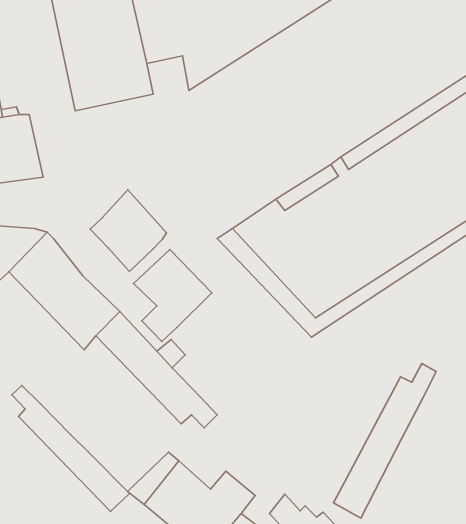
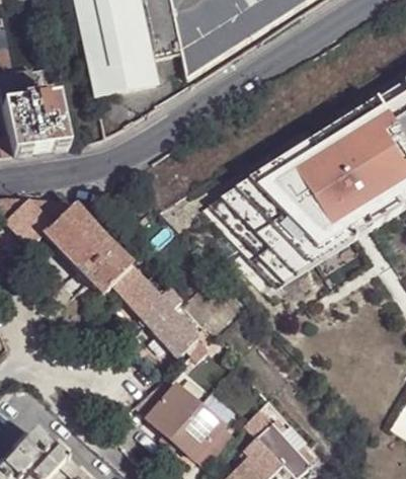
building: [90,190,167,272] -> none
building: [133,250,212,342] -> none
building: [334,364,436,518] -> none
building: [12,385,130,511] -> none

